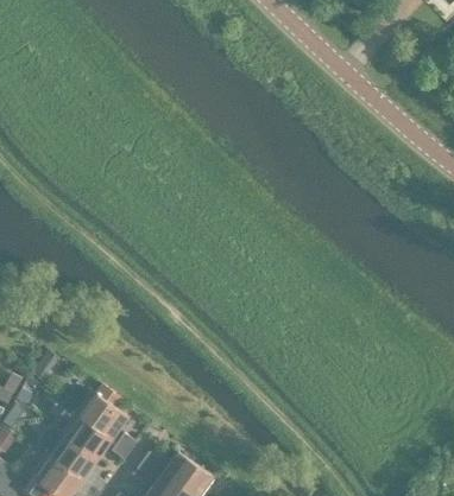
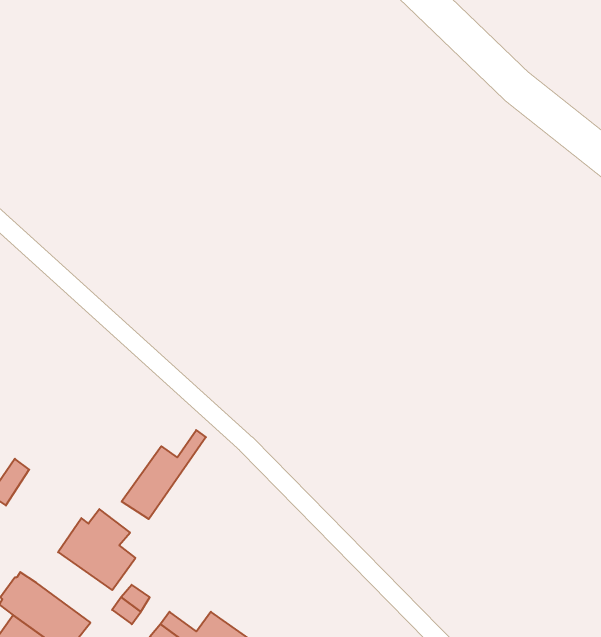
building: none -> [122,430,206,519]
building: [61,413,111,459] -> none

